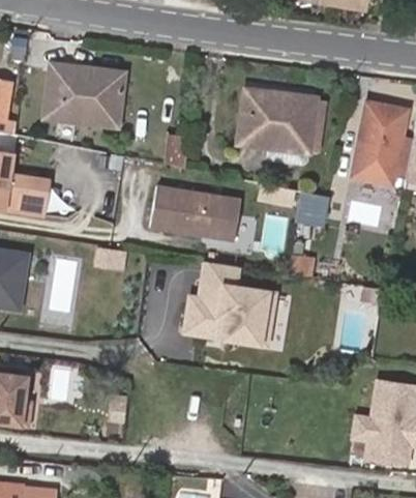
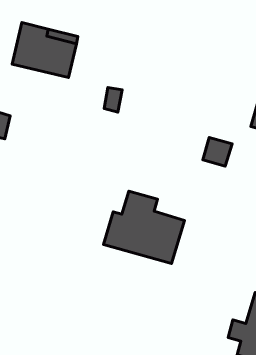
building: [240,86,316,148] -> none
building: [149,184,240,239] -> none

